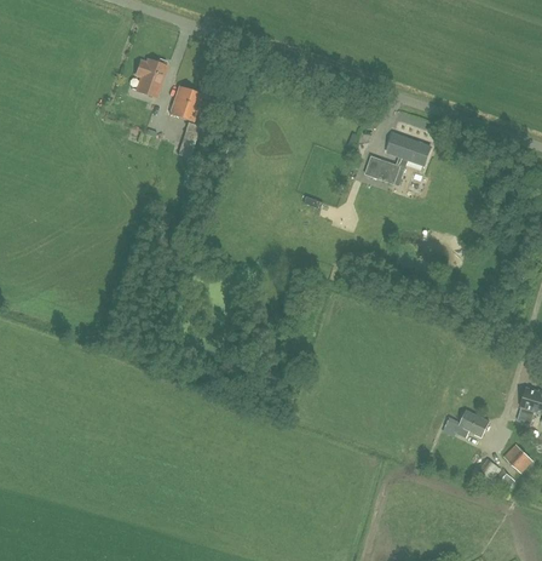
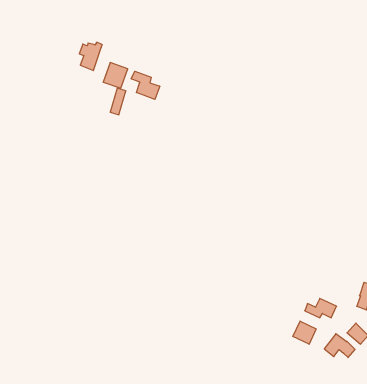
building: none -> [131,71,160,99]
building: [365,133,431,184] -> none
building: none -> [293,321,316,344]

